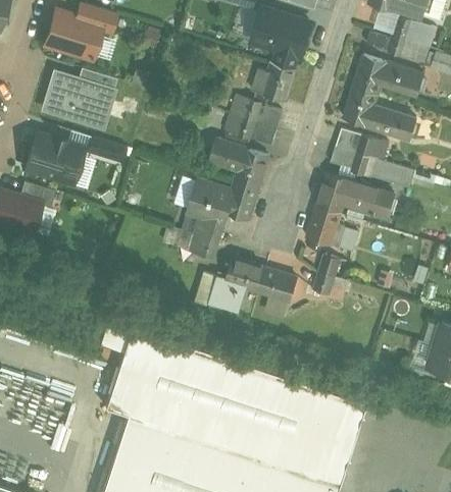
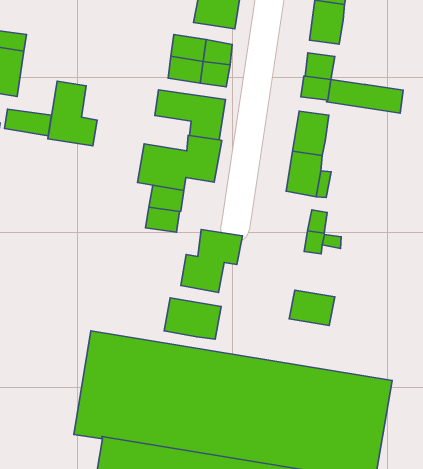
building: [367,107,416,141] -> none
building: none -> [48,81,97,146]
building: [356,135,389,162] -> none
building: [344,182,393,216] -> none
building: [257,269,297,302] -> [289,290,335,325]
building: none -> [164,298,221,339]

